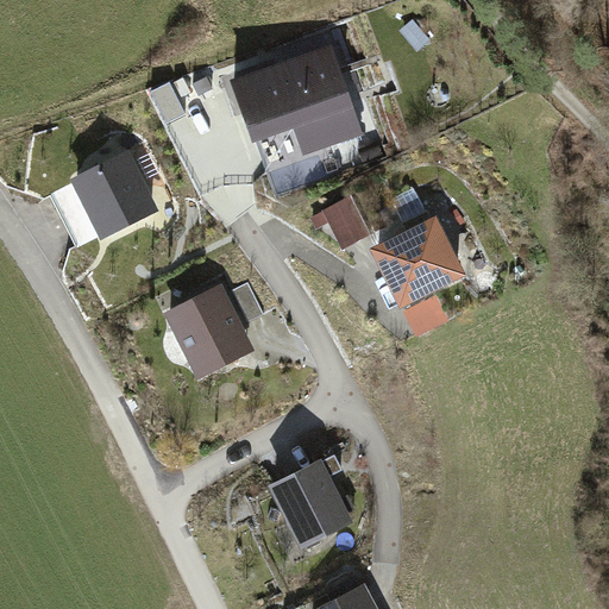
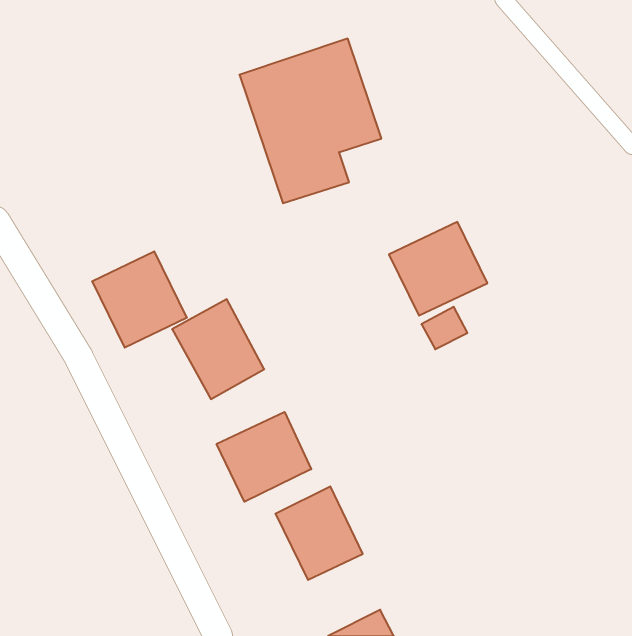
building: [65,152,156,244] -> [92,251,187,348]
building: [307,193,369,245] -> none
building: none -> [217,412,311,502]

